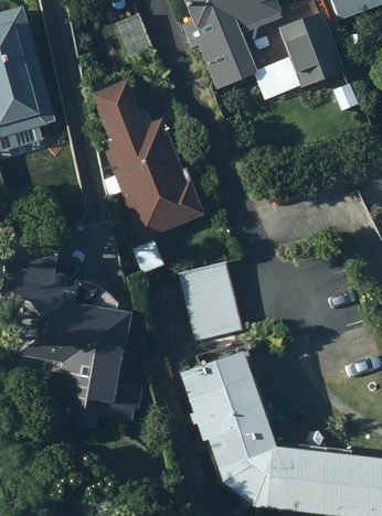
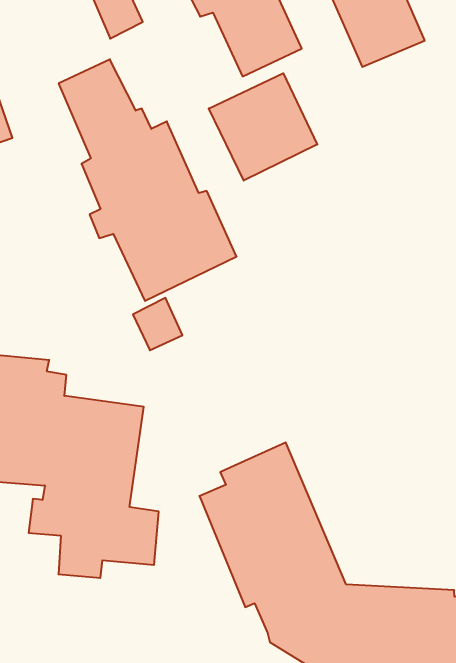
building: none -> [209,73,317,181]
building: [176,261,242,340] -> none

